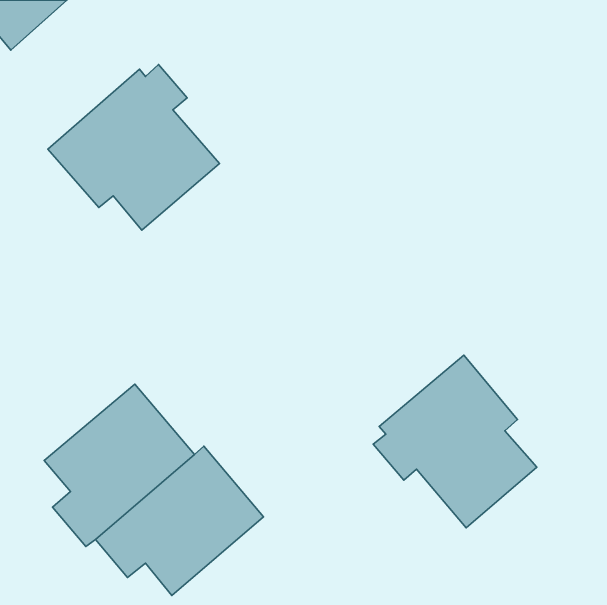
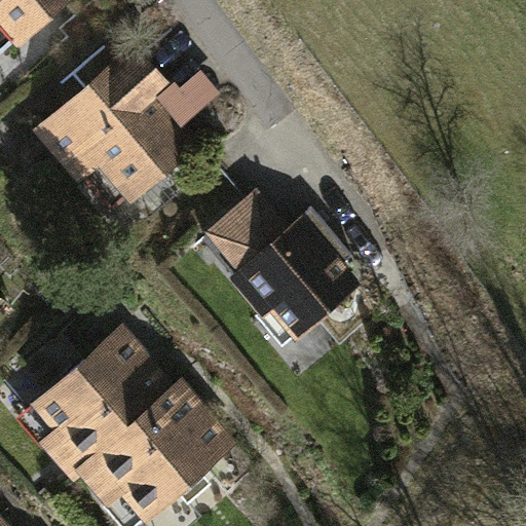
building: none -> [210,196,350,333]
building: [373,355,537,528] -> none

